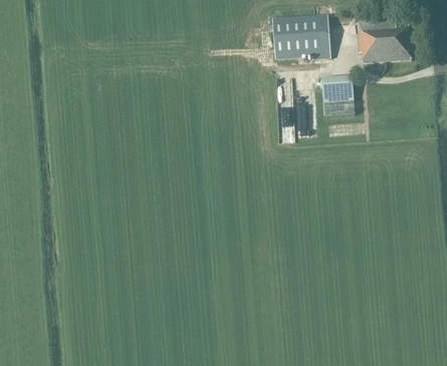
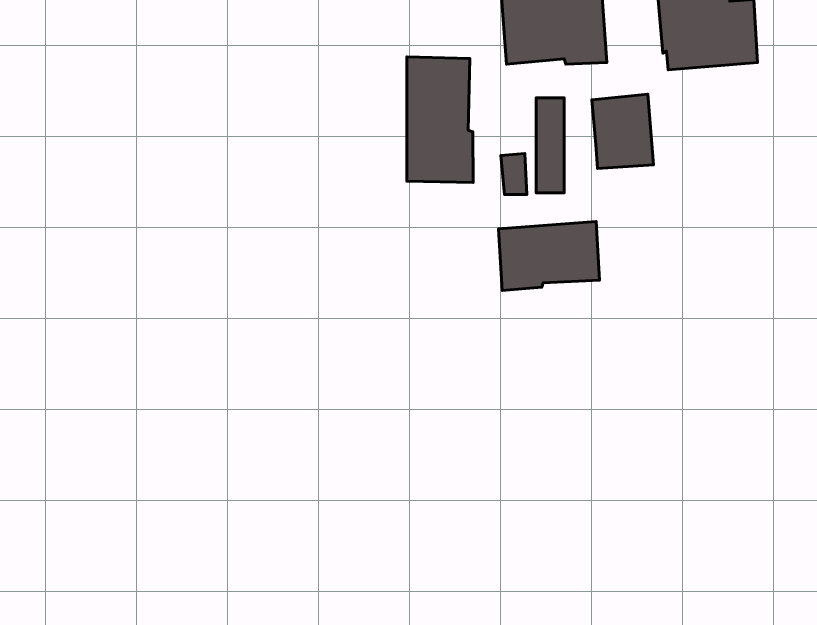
building: none -> [407,57,473,183]
building: none -> [499,221,599,291]

